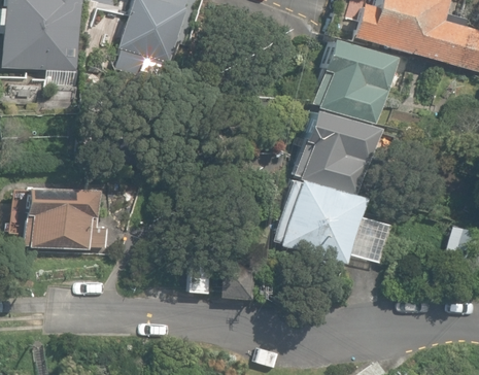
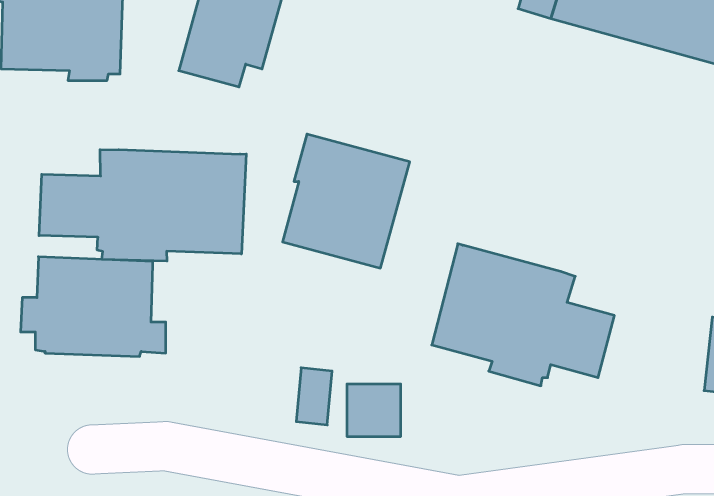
building: [314,38,395,123] -> none
building: [295,111,375,196] -> [283,134,410,268]
building: none -> [39,150,246,261]

